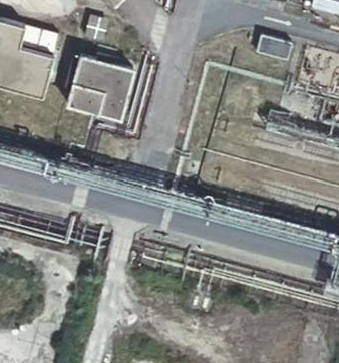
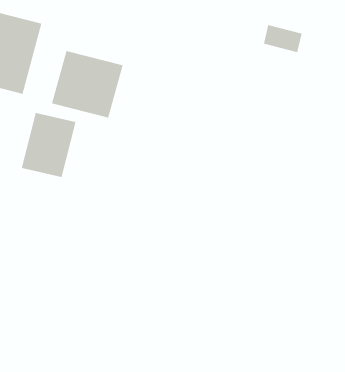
building: none -> [21,112,76,178]

